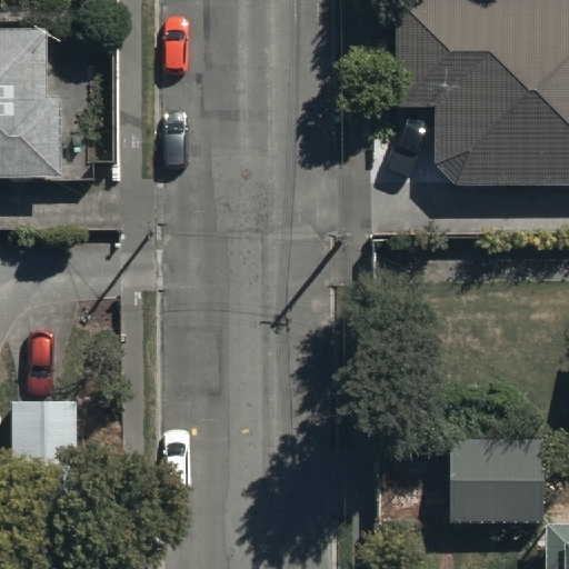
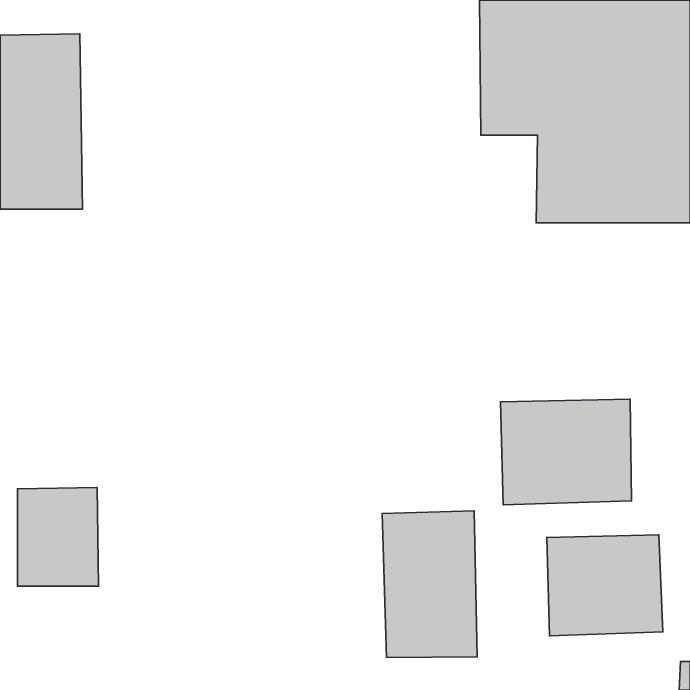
building: none -> [500,399,631,505]
building: none -> [382,511,477,658]

